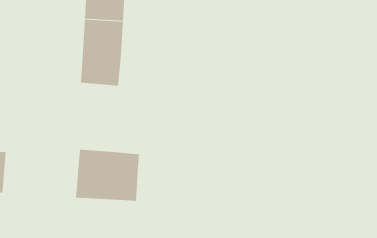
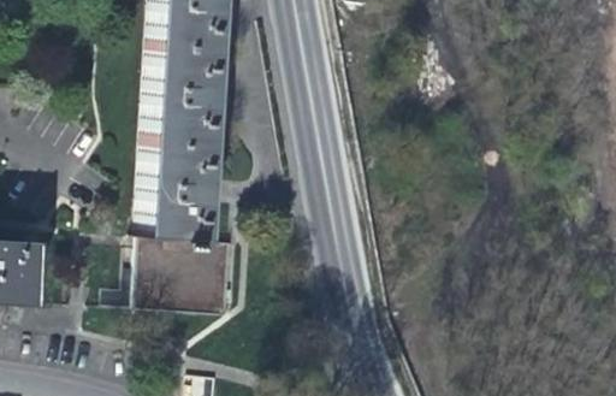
building: none -> [144,141,209,243]

